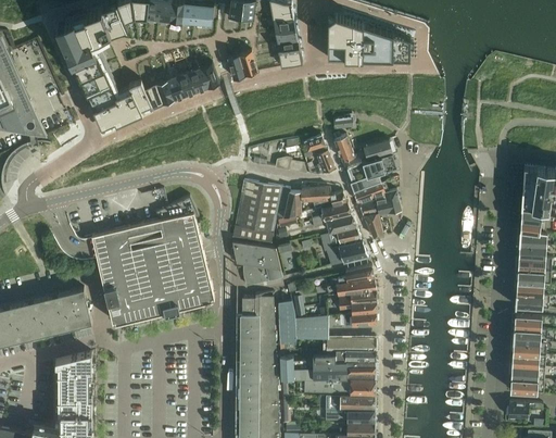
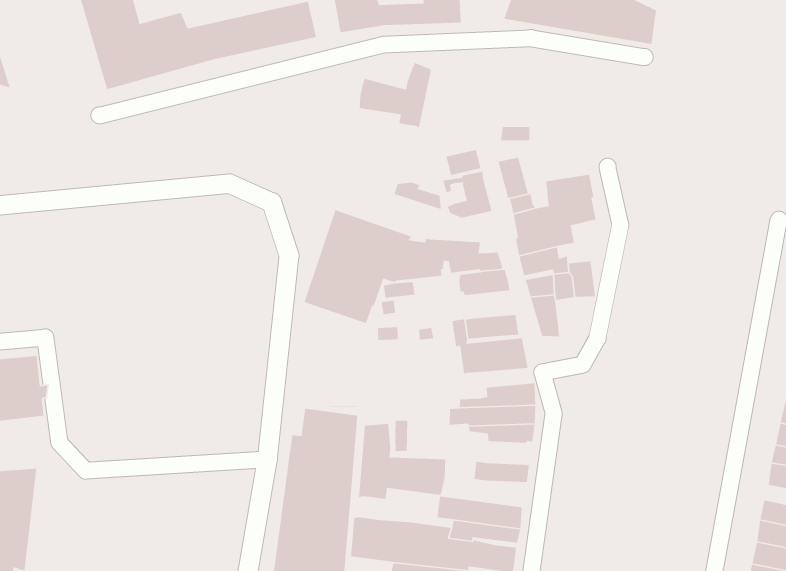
building: none -> [359,62,432,129]
building: [91,197,213,325] -> none
building: [312,215,356,235] -> none
building: [231,242,282,287] -> none
building: [338,300,376,316] -> none

